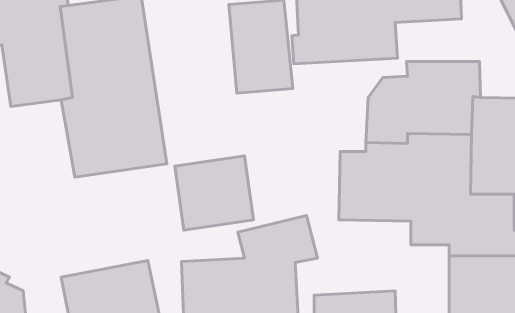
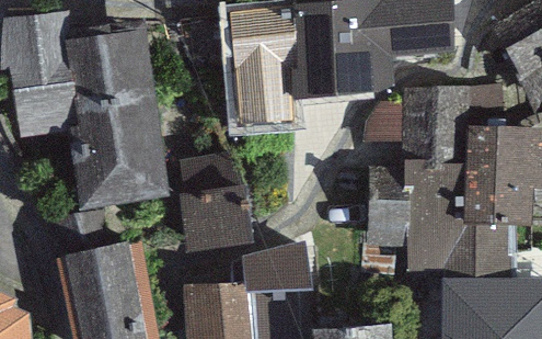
building: none -> [57,236,151,302]

